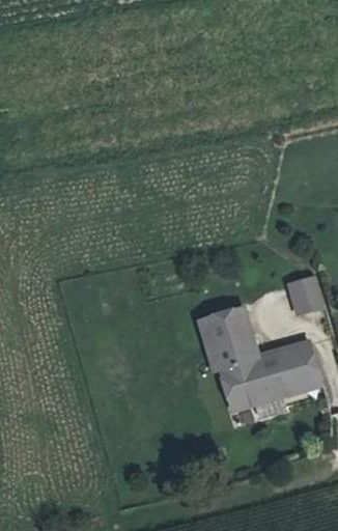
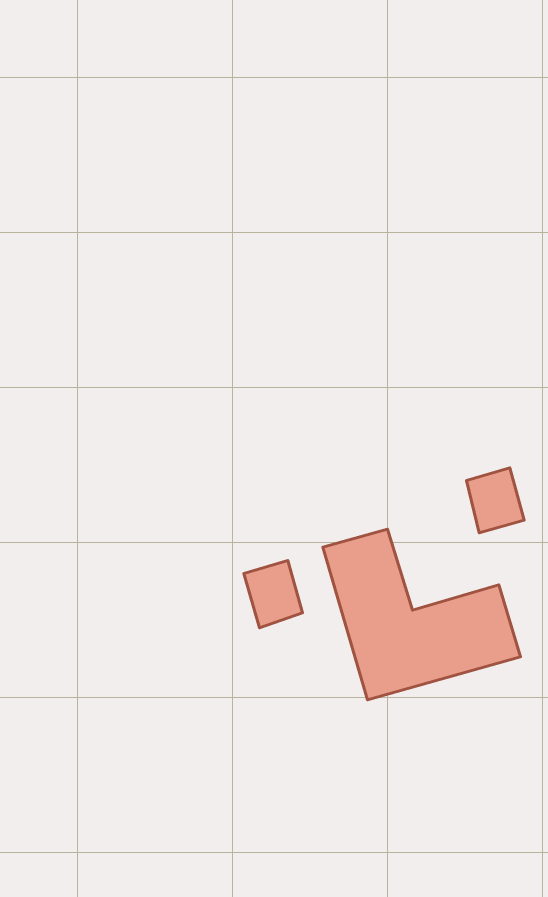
building: none -> [244,561,303,628]

